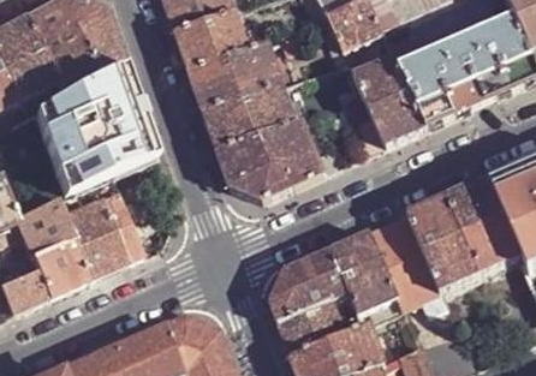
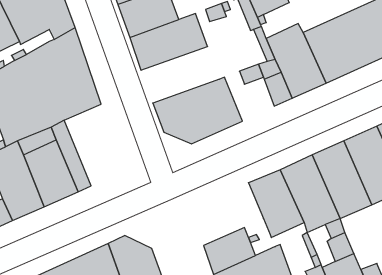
building: [202,82,297,150] -> none
building: [269,246,350,322] -> none

